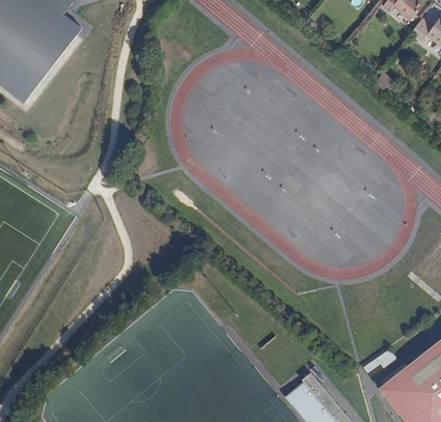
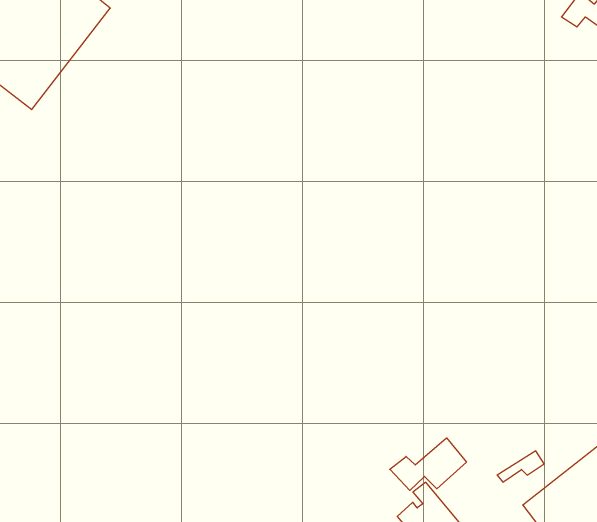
building: none -> [390,438,466,490]

